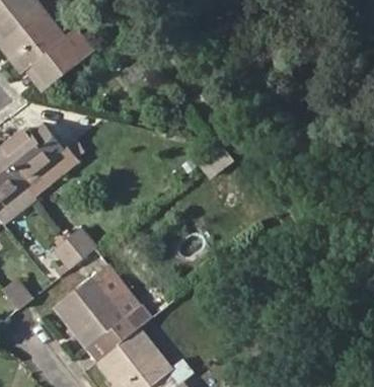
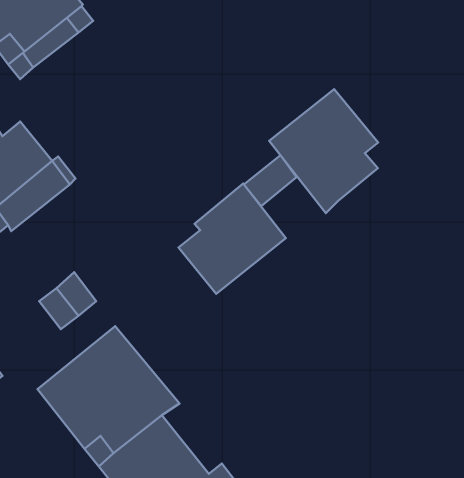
building: none -> [269,89,378,213]
building: none -> [178,183,286,294]

